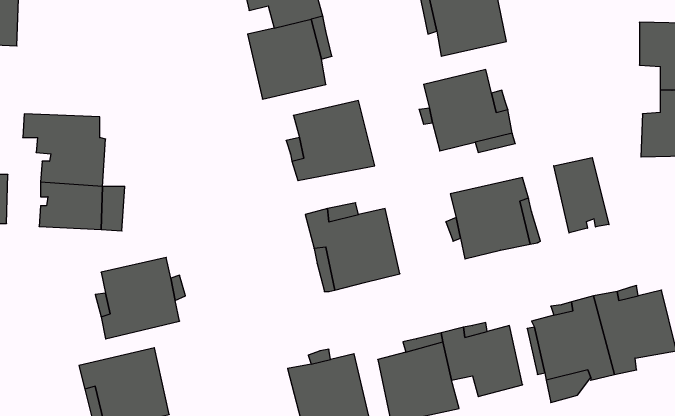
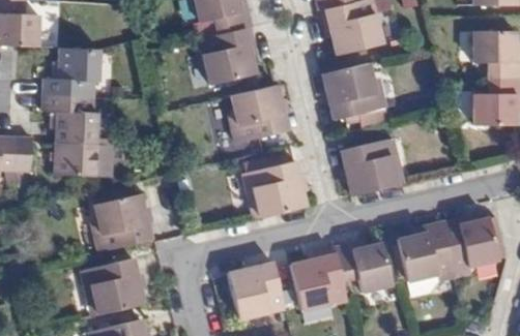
building: none -> [44,49,103,97]
building: [554,158,609,233] -> none

